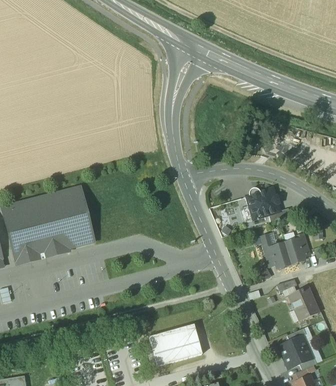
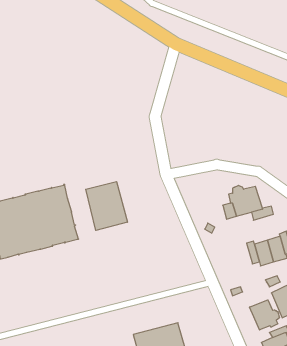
building: none -> [86,182,127,230]
building: none -> [250,300,279,330]

